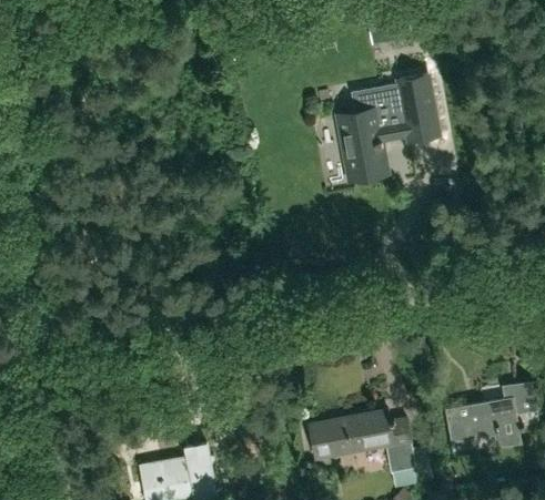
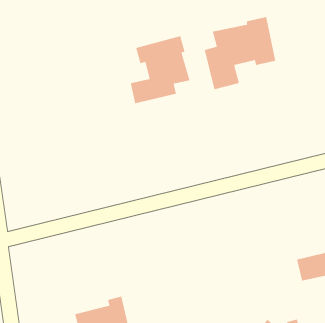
building: none -> [124,35,190,104]
building: [310,410,415,472] -> none

